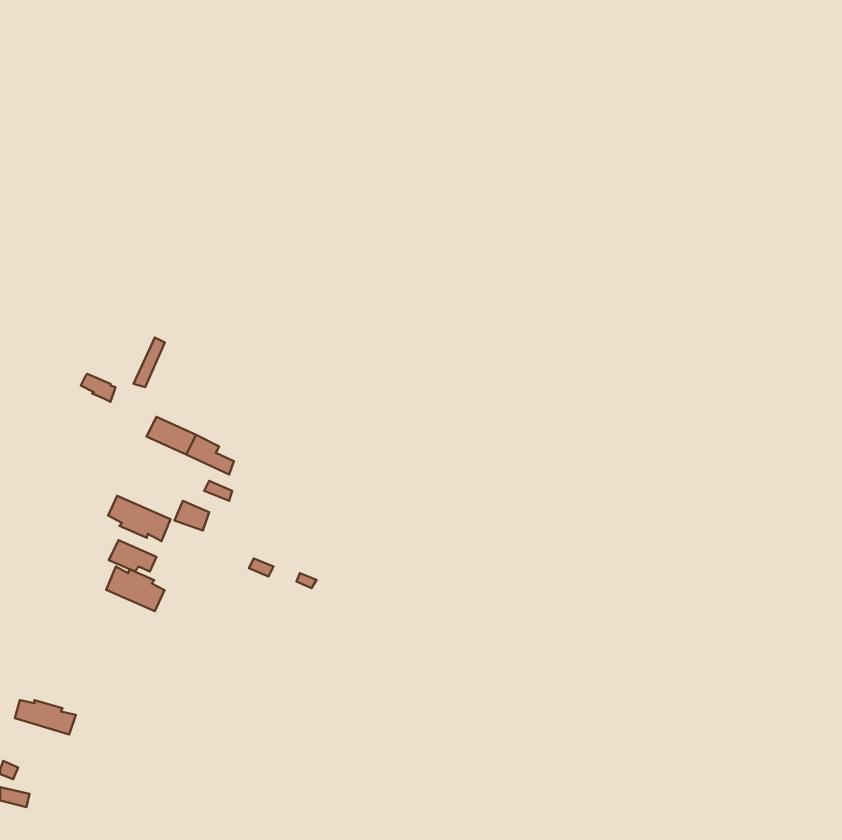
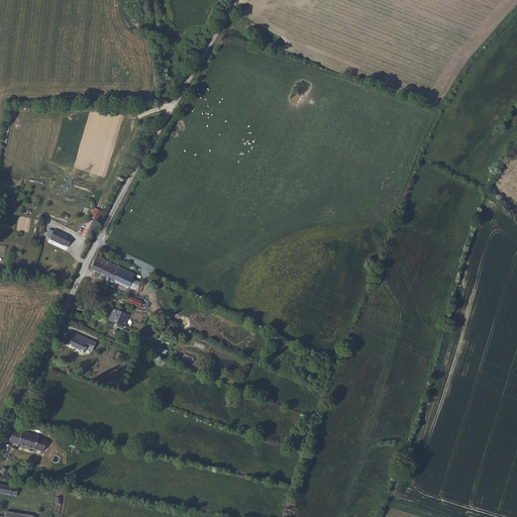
building: [108,496,171,541] -> none
building: [106,566,164,611] -> none

